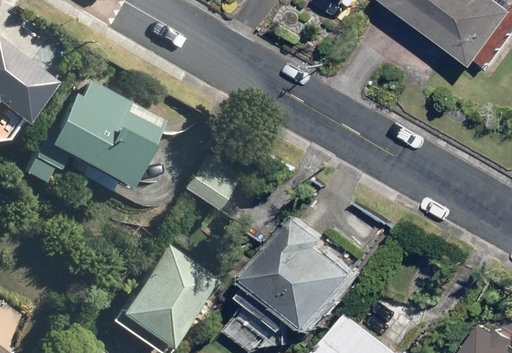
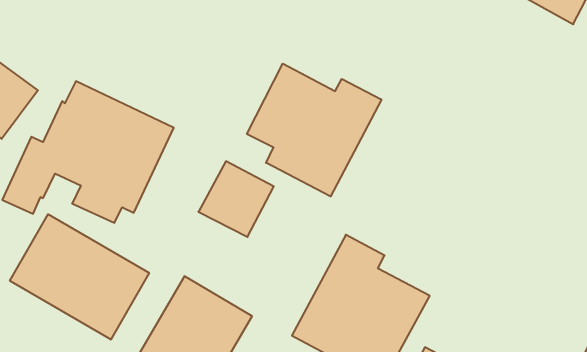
building: none -> [247,64,381,196]
building: none -> [10,214,149,340]

